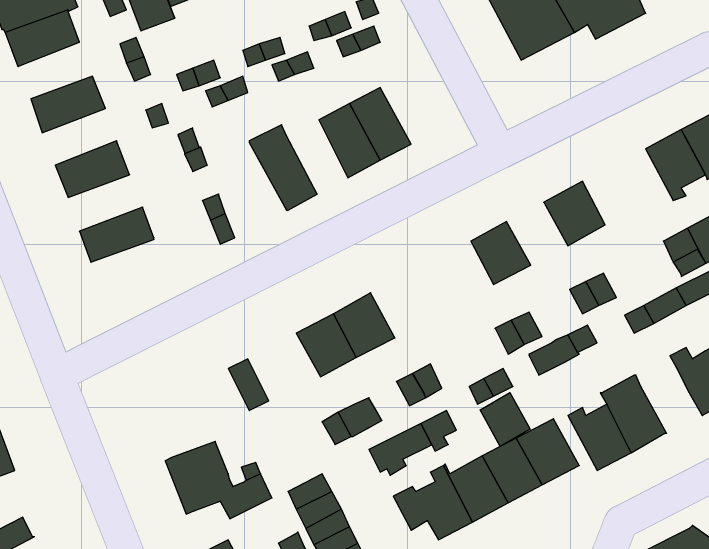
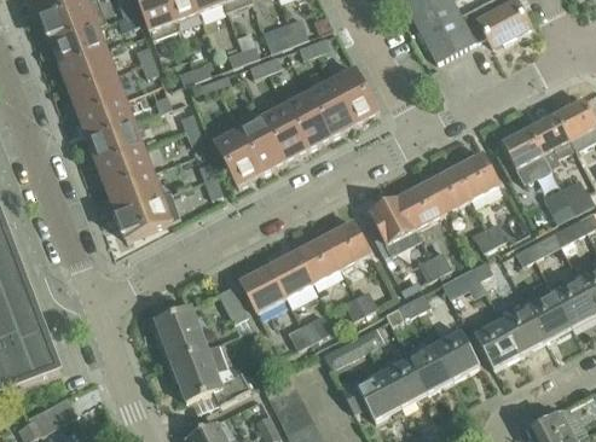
building: none -> [60,48,116,91]
building: none -> [331,70,377,124]
building: none -> [79,98,134,140]
building: none -> [258,98,307,162]
building: none -> [210,123,261,186]
building: none -> [502,128,550,184]
building: none -> [98,147,154,190]
building: none -> [426,168,471,215]
building: none -> [115,192,180,239]
building: none -> [370,197,421,254]
building: none -> [324,221,370,269]
building: none -> [239,266,287,314]
building: none -> [526,291,572,341]
building: none -> [155,306,208,361]
building: [480,393,530,446] -> none

